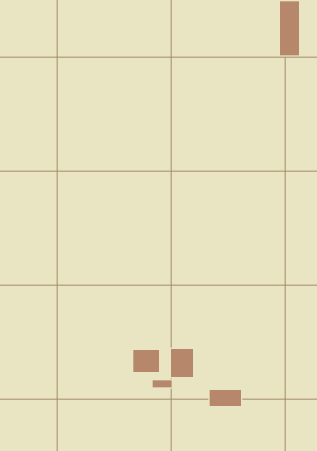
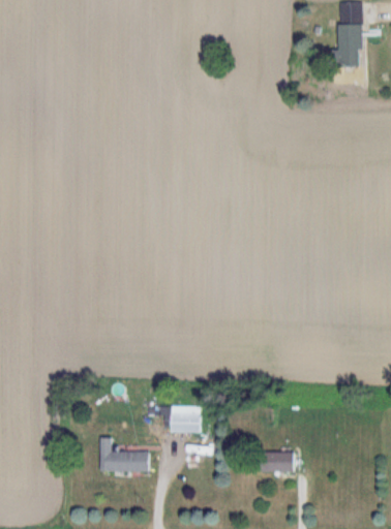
building: [171,348,193,378] -> none
building: none -> [97,437,148,471]

